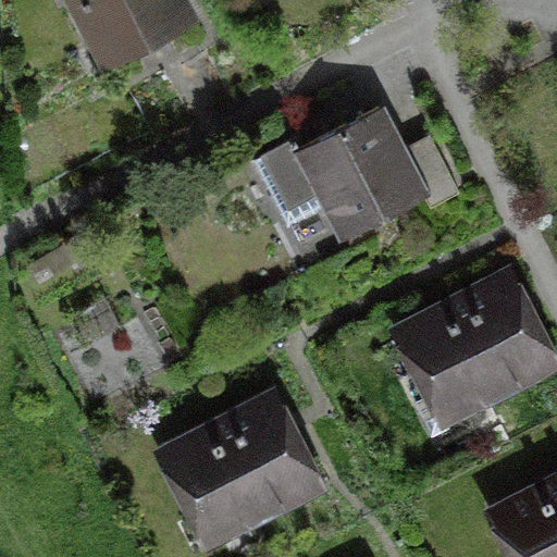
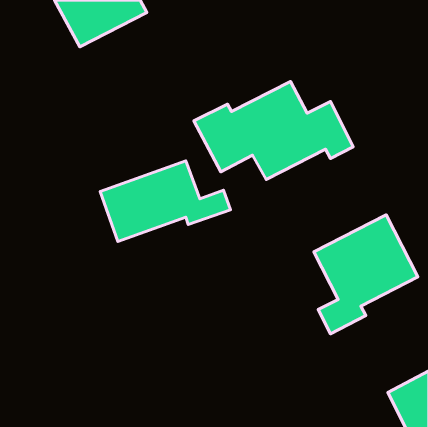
building: none -> [100,161,230,241]
building: [173,403,308,532] -> none

